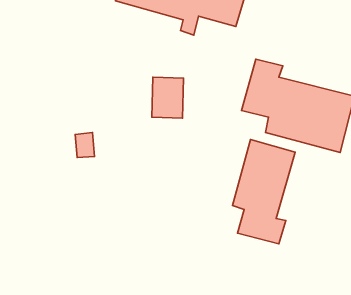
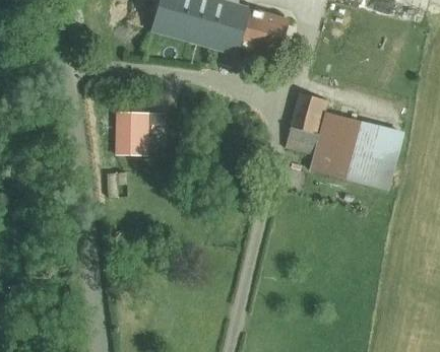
building: [152,77,183,118] -> [115,111,148,154]
building: [233,140,295,244] -> none

